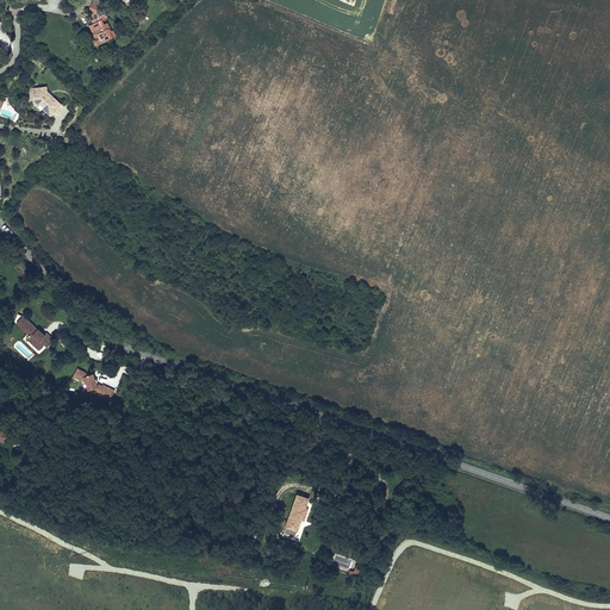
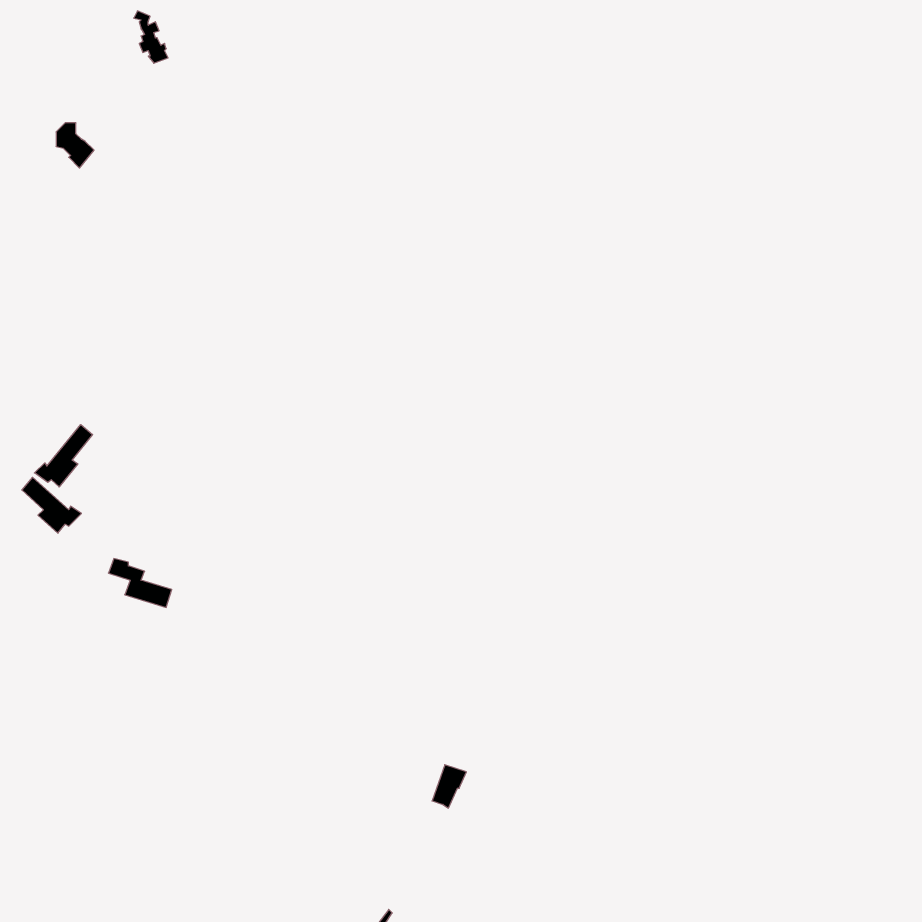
building: none -> [34,425,93,487]

